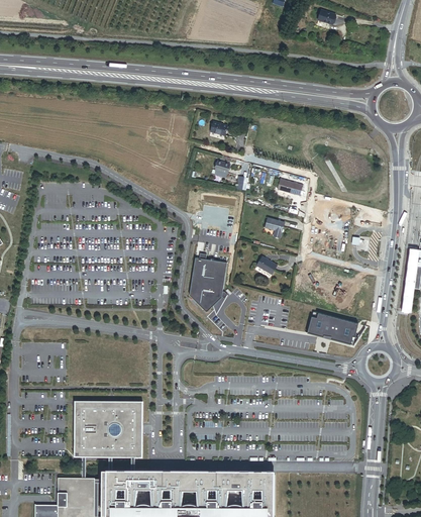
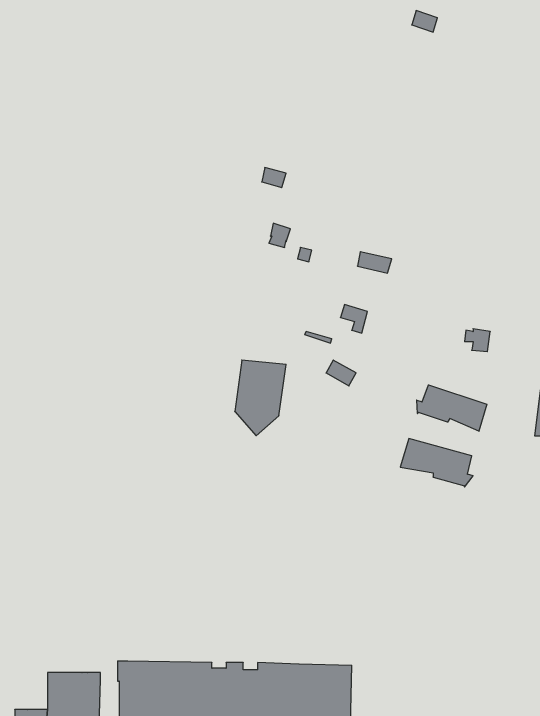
building: none -> [417,385,487,431]
building: [74,401,142,457] -> none

